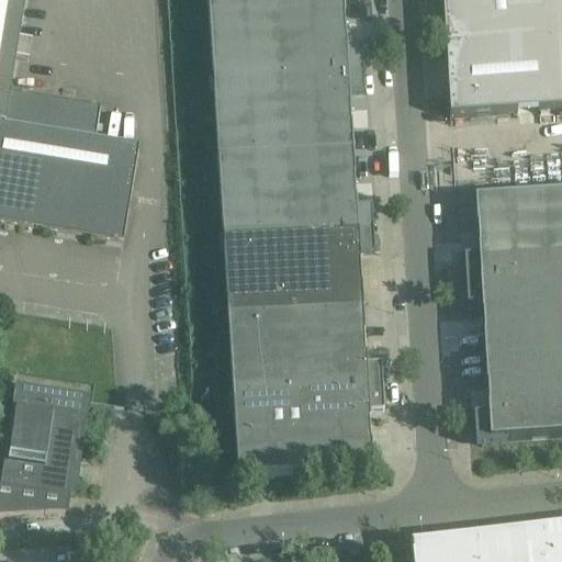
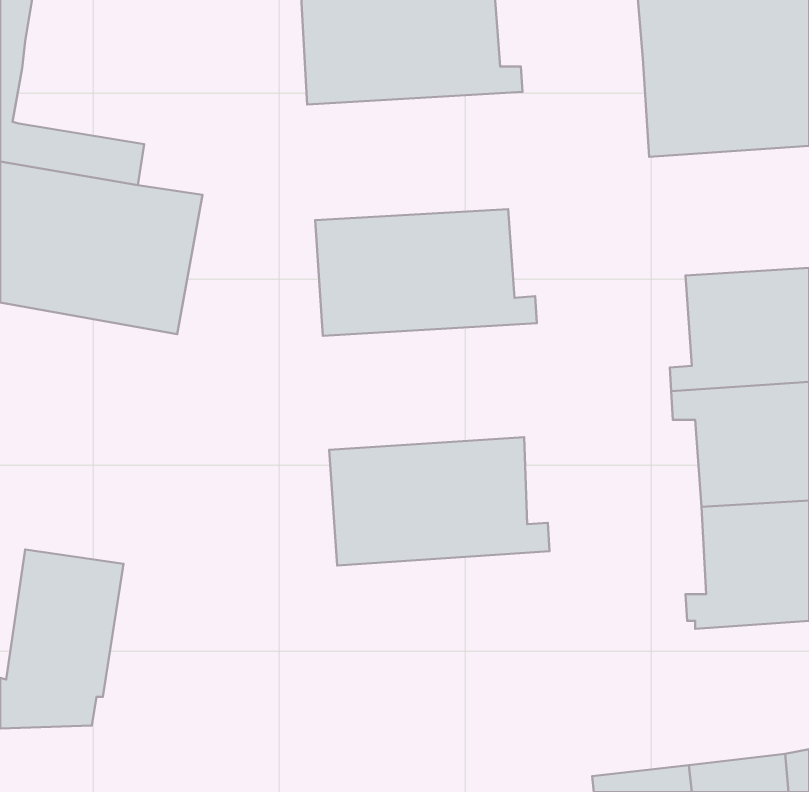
building: [213,64,363,153] -> none
building: [224,224,373,312] -> none
building: [234,382,382,471] -> none

